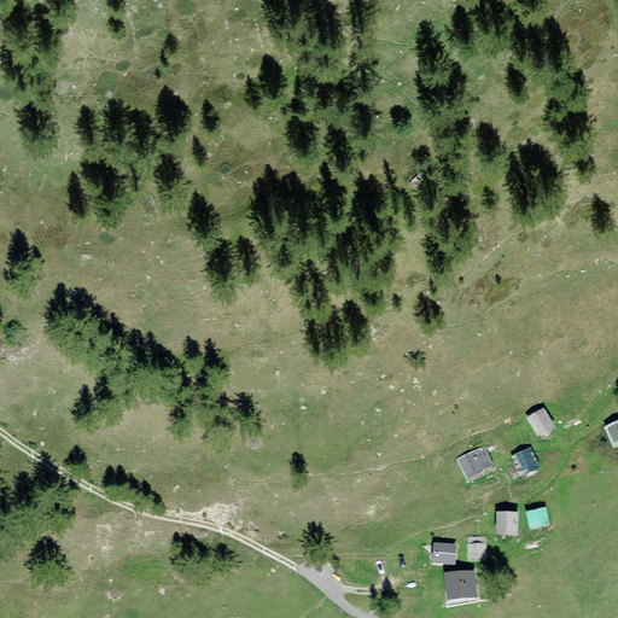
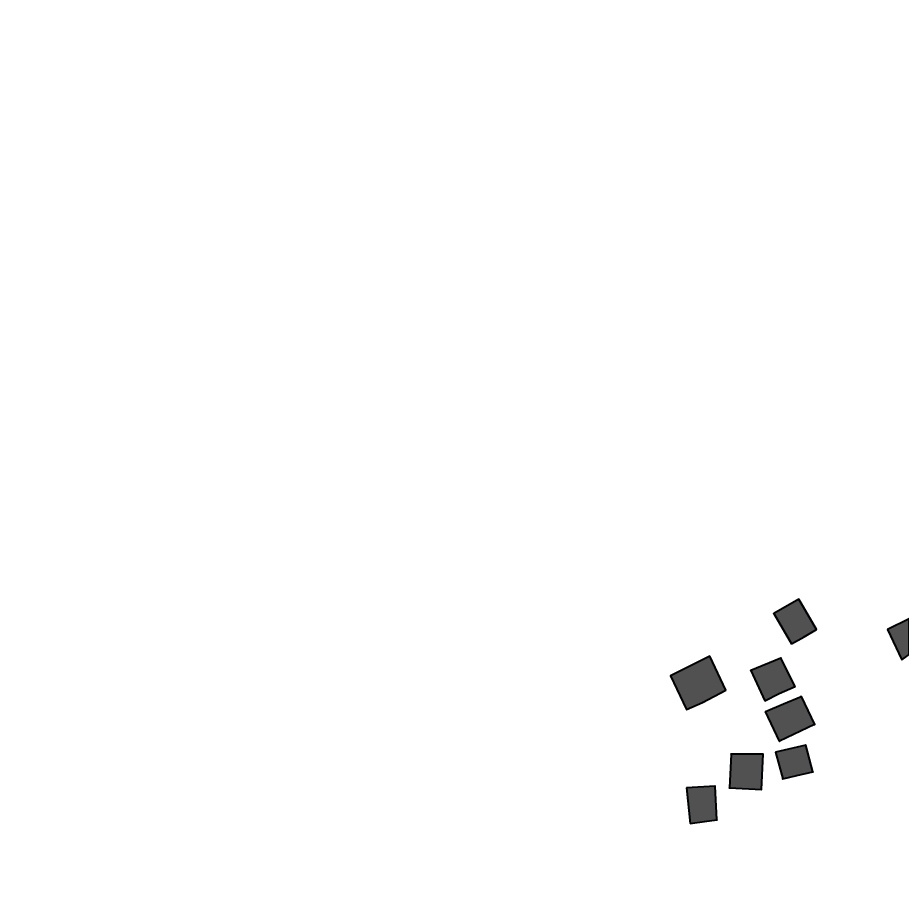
building: none -> [766,696,815,741]
building: [432,542,456,566] -> none
building: [444,570,477,599] -> none

